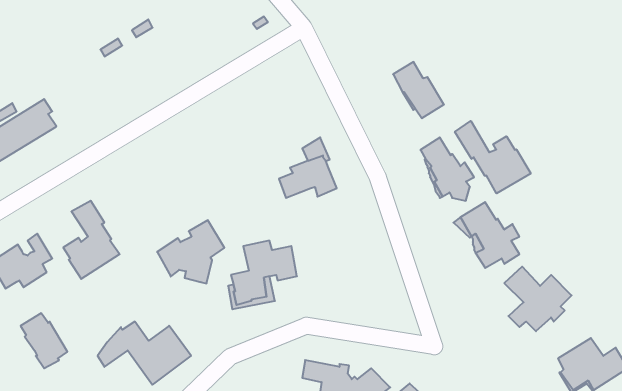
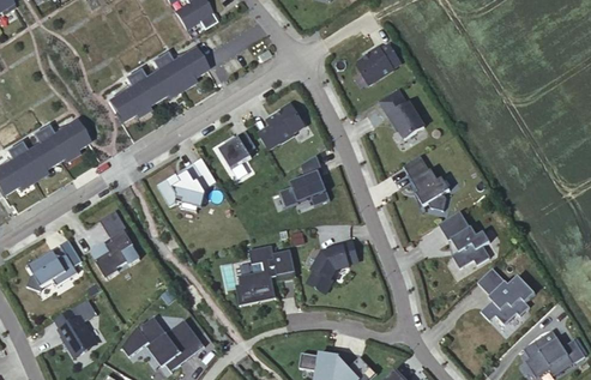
building: none -> [357,42,406,85]
building: none -> [108,49,204,121]
building: none -> [258,103,304,151]
building: none -> [219,132,257,170]
building: [455,121,531,193] -> none
building: [157,220,224,283] -> [158,158,217,213]
building: none -> [308,241,358,294]

